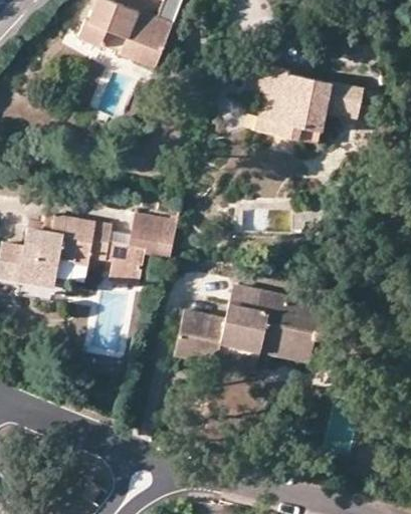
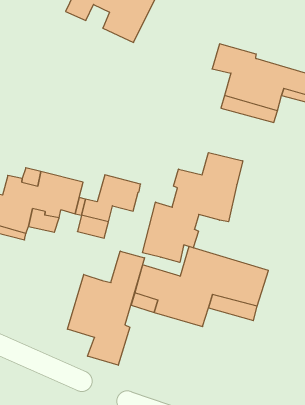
building: none -> [143,153,243,262]
building: none -> [67,251,145,365]

